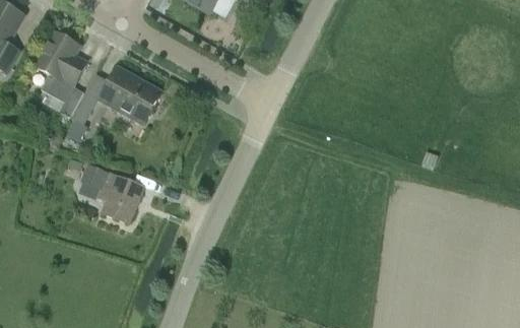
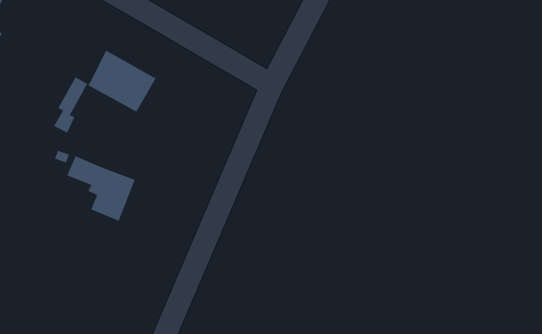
building: [35,29,86,115] -> none

